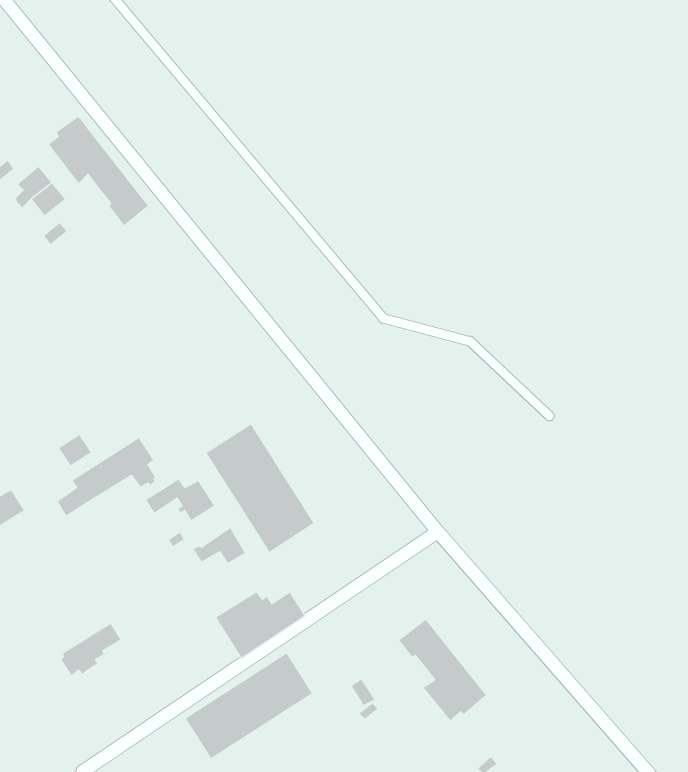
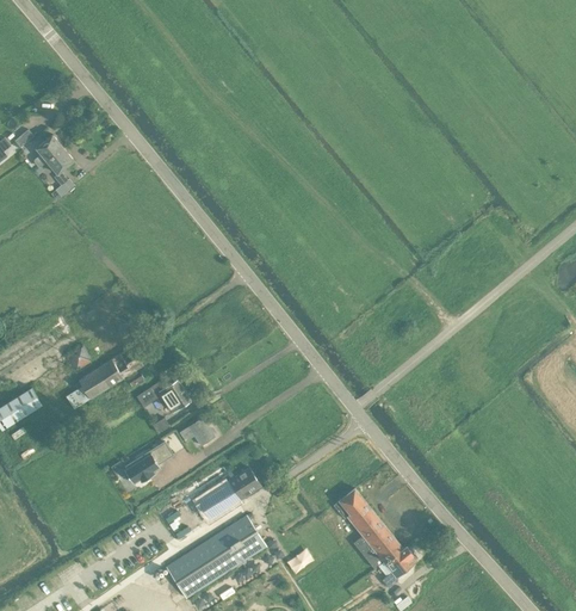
building: [48,116,149,226] -> none
building: [206,423,314,553] -> none
building: [60,623,121,676] -> [124,443,172,485]
building: none -> [382,547,416,587]

